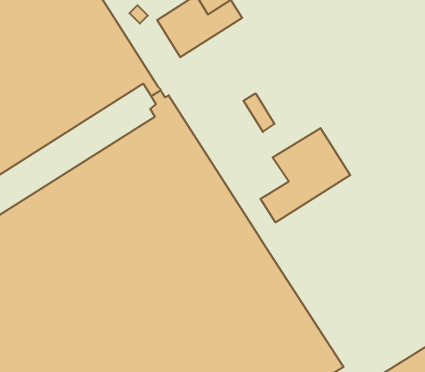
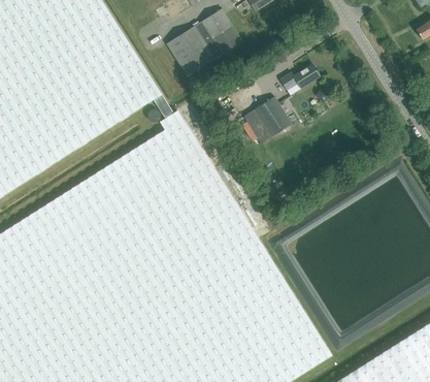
building: none -> [279,65,320,91]
building: none -> [255,98,292,137]
building: [260,128,350,222] -> none

